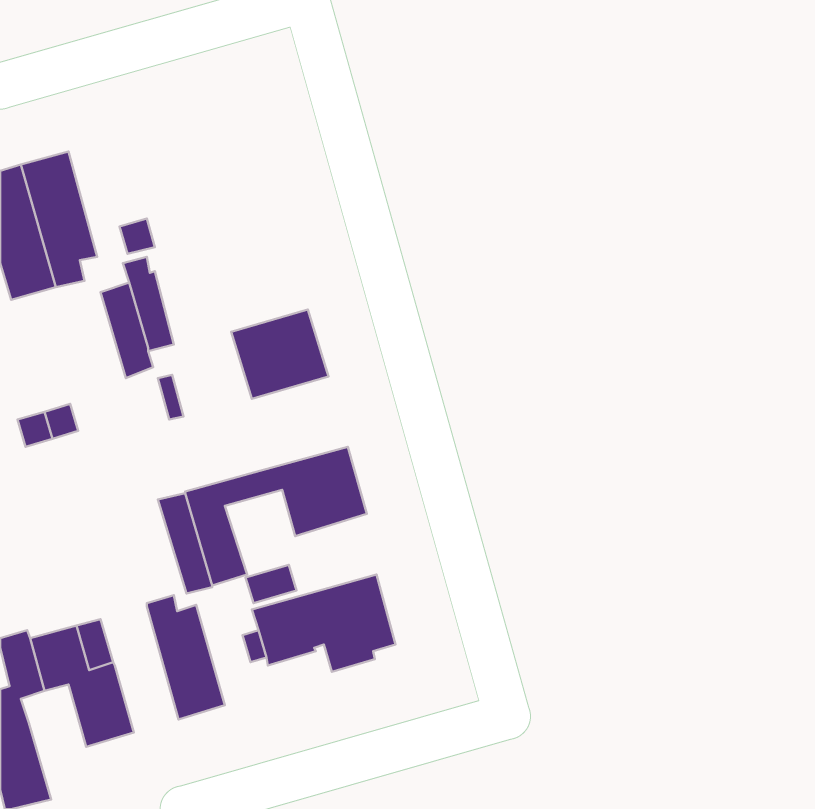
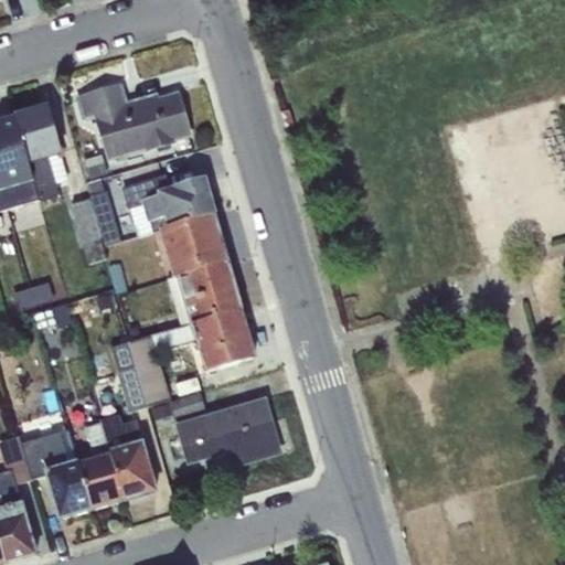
building: none -> [77,84,189,159]
building: none -> [121,172,213,236]
building: none -> [167,260,241,326]
building: none -> [79,419,124,507]

